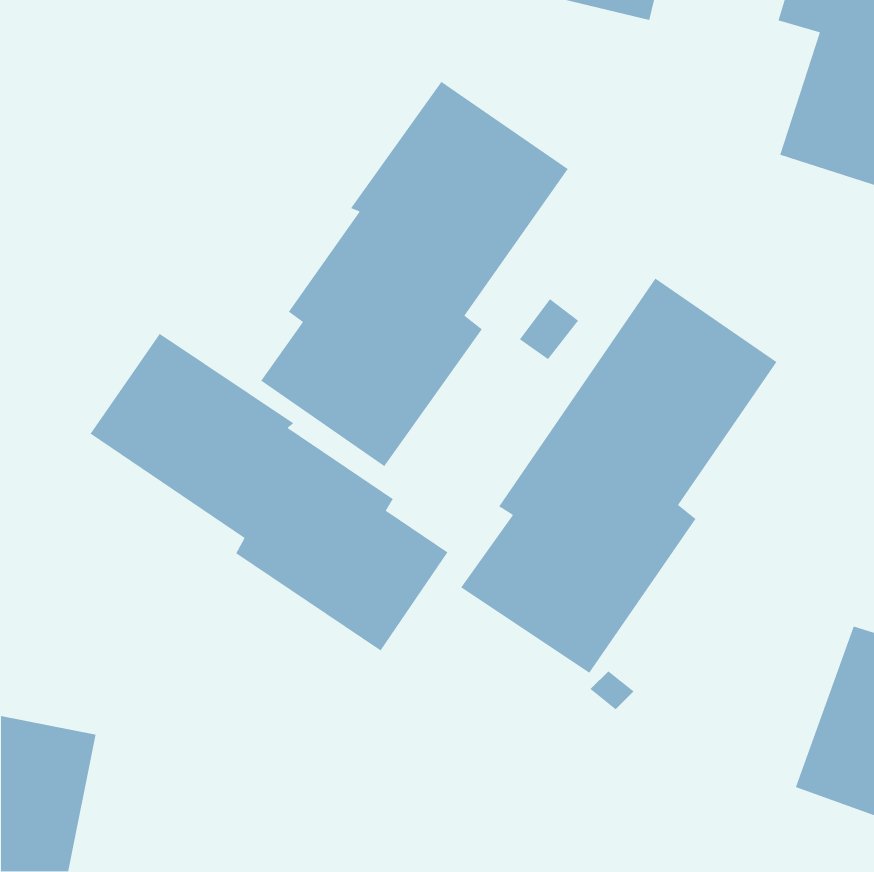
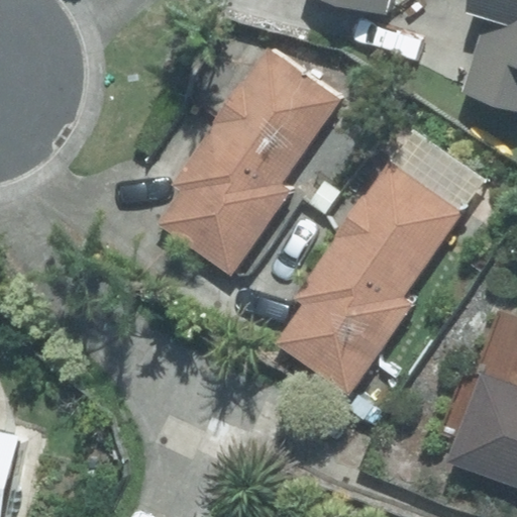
building: [90,333,448,651] -> none

